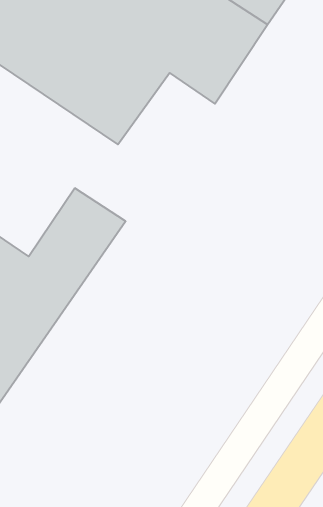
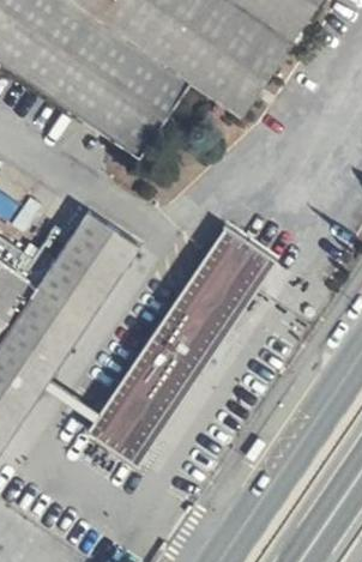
building: none -> [89,232,272,455]

